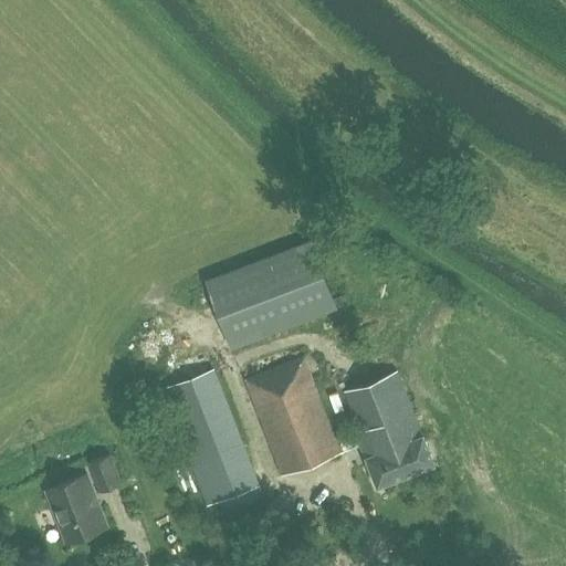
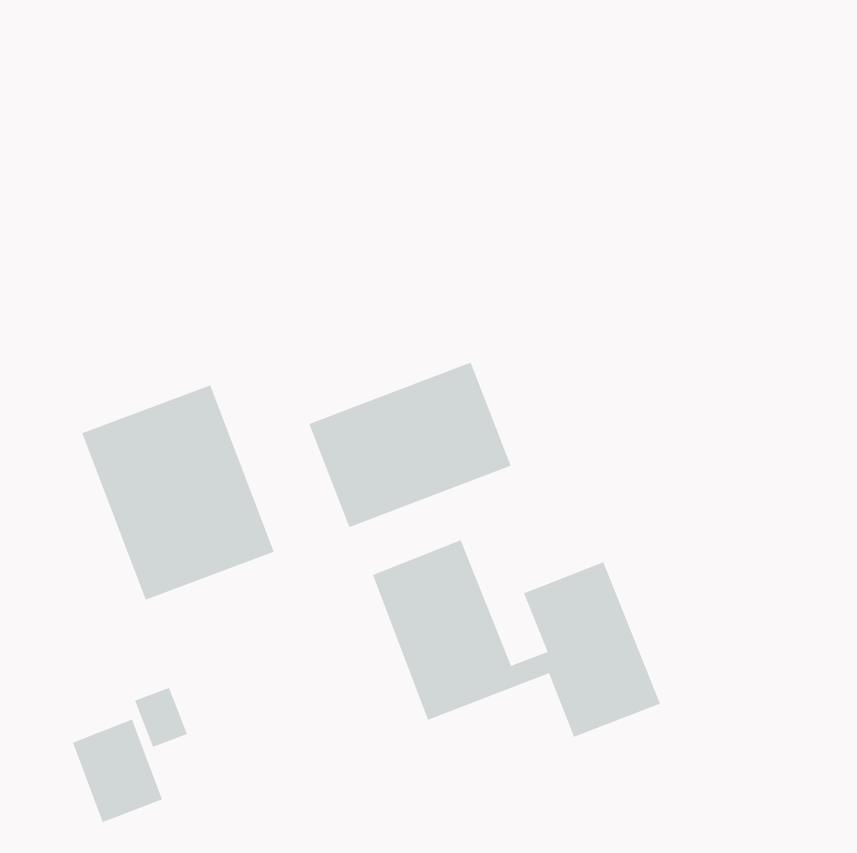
building: none -> [82,384,274,601]
building: [163,371,259,507] -> none

